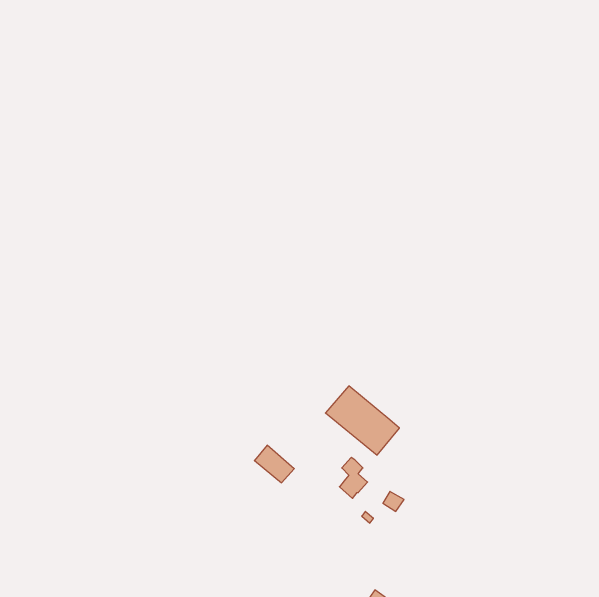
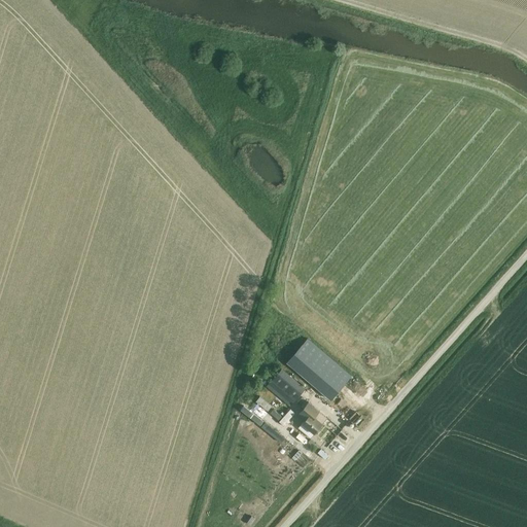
building: [254,445,294,483] -> [270,370,305,402]

